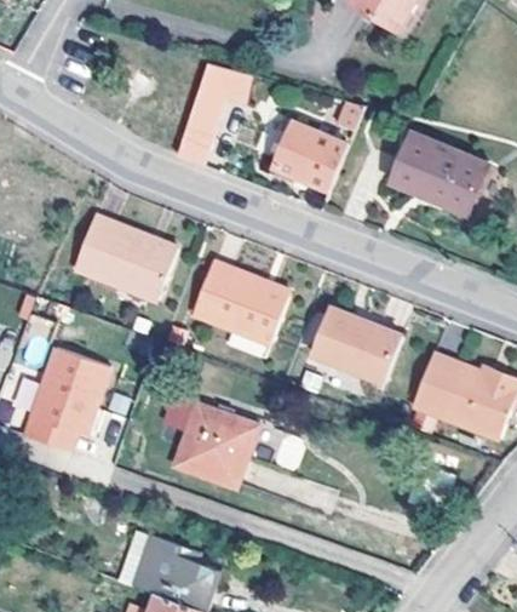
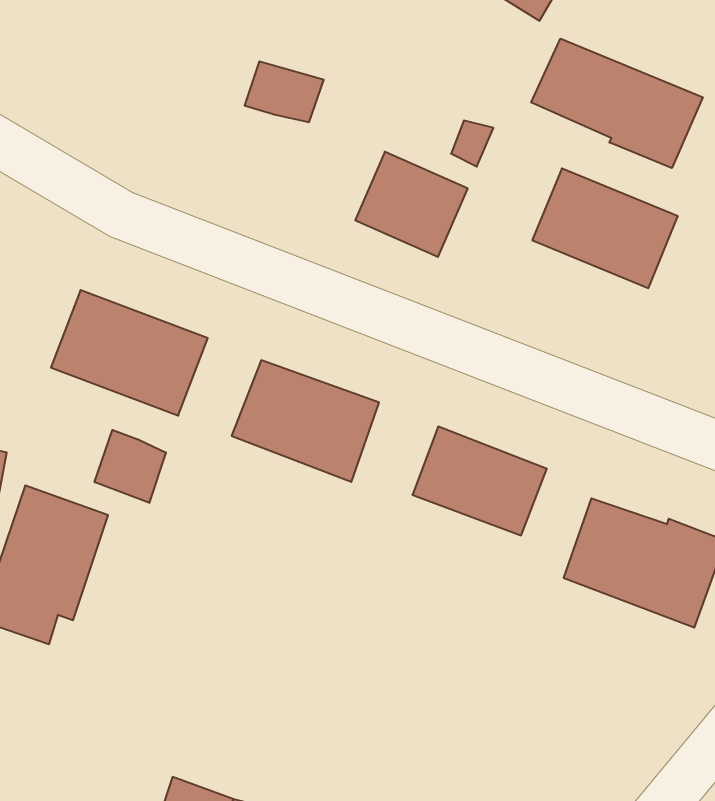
building: none -> [531,39,703,168]
building: [177,93,220,165] -> none
building: none -> [95,430,166,503]
building: [173,405,254,486] -> none

